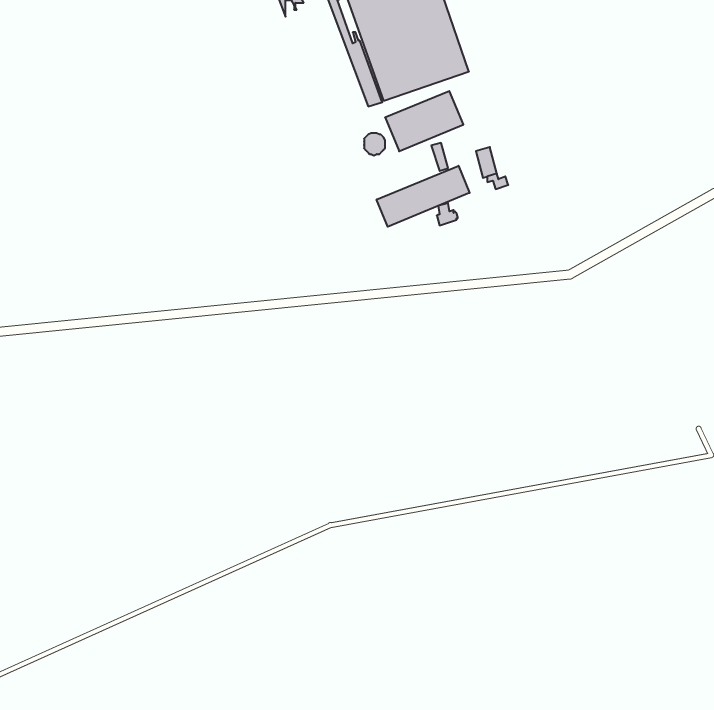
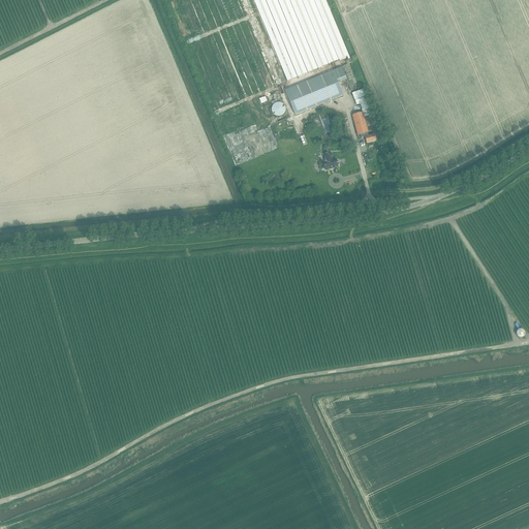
building: [377,166,470,227] -> none

